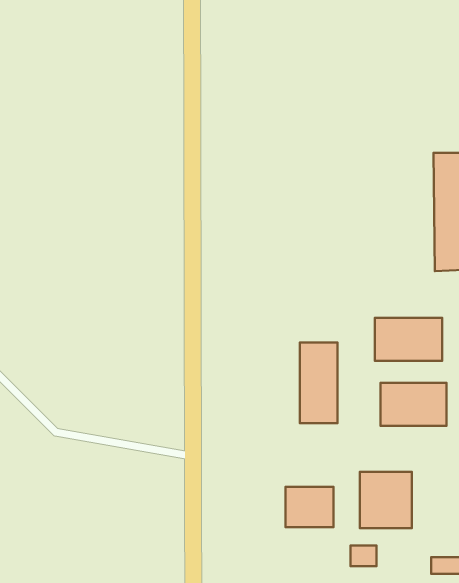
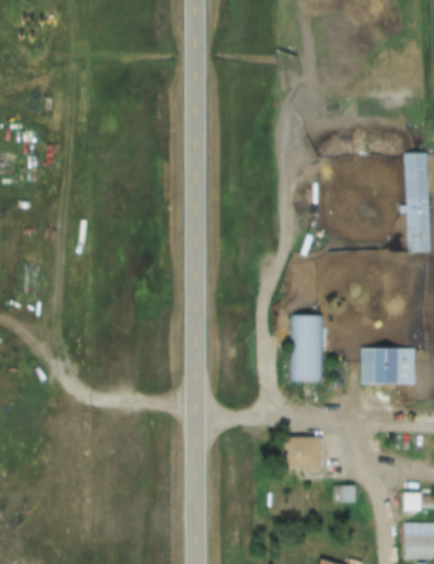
building: [375,318,442,361] -> none
building: [360,472,412,528] -> none

